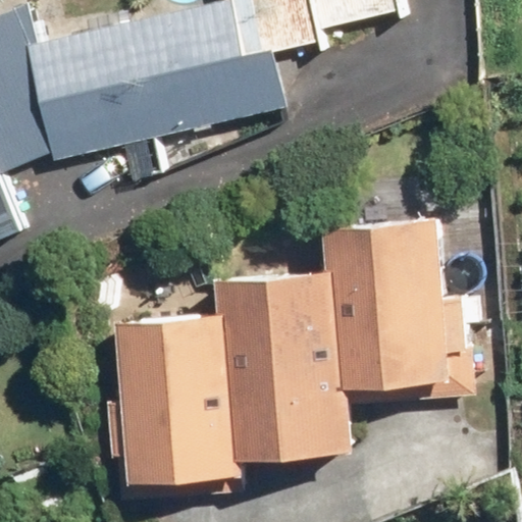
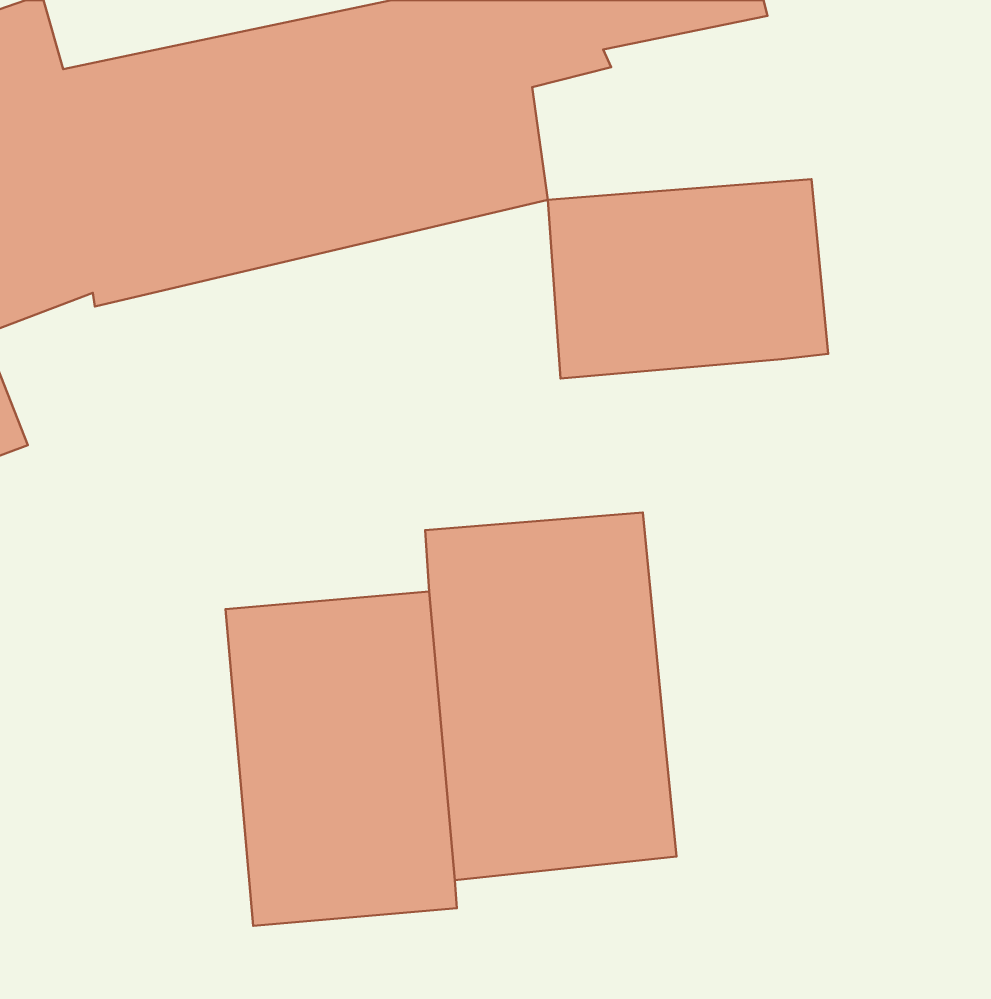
building: none -> [548,179,828,378]
building: [327,214,446,385] -> none

